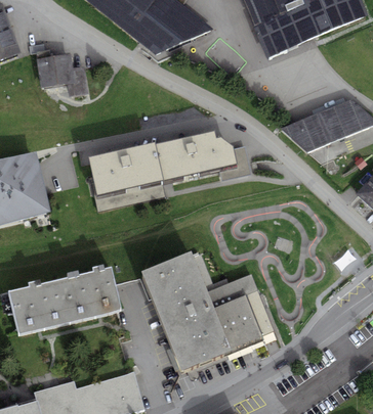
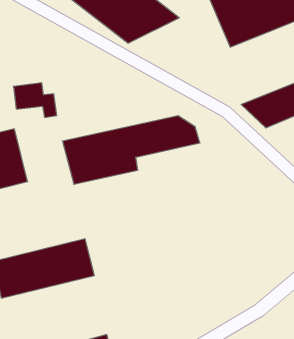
building: [35,56,82,94] -> [13,83,57,117]
building: [137,251,275,373] -> none

